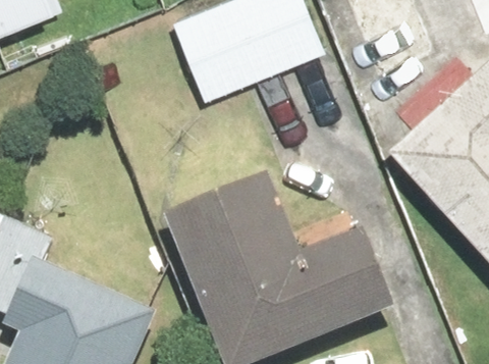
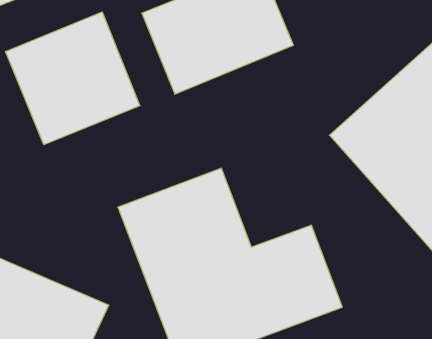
building: none -> [5,12,140,145]

